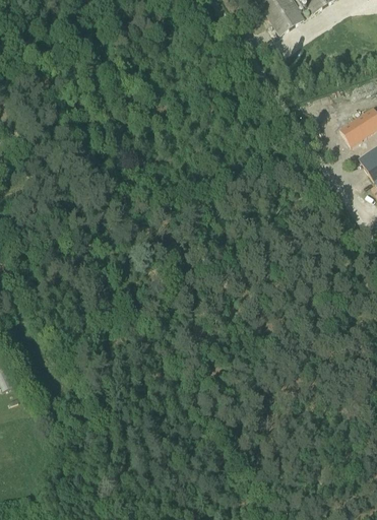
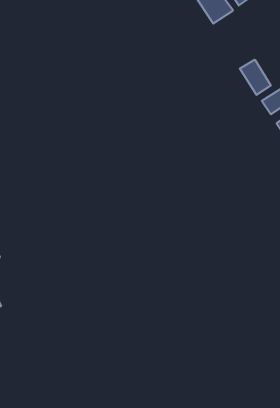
building: none -> [240,60,271,95]

